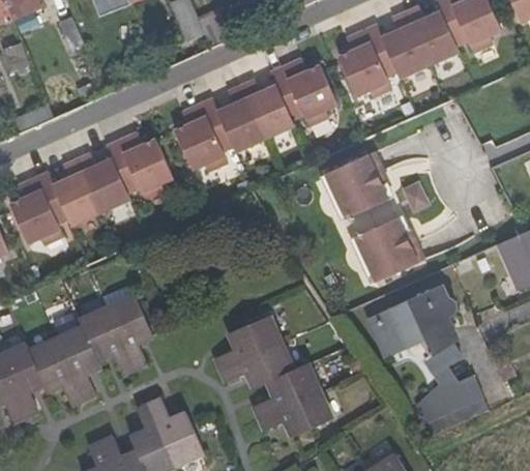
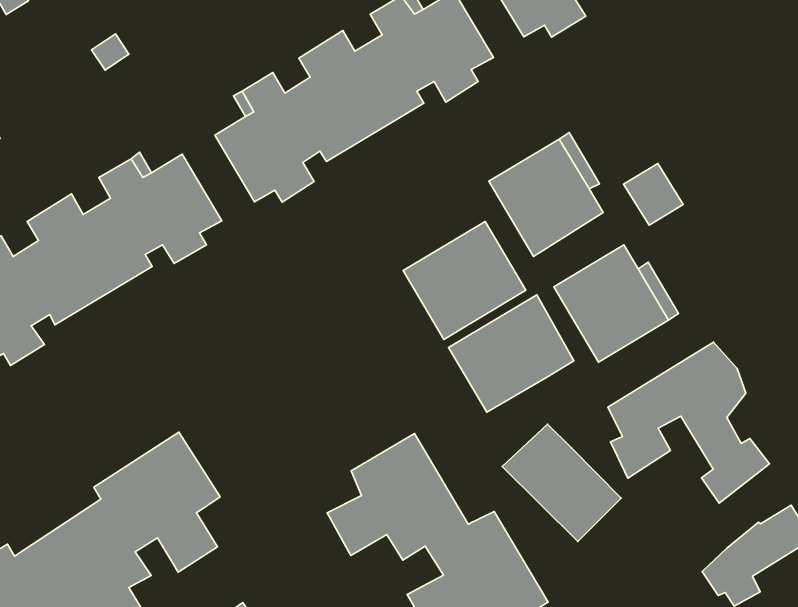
building: none -> [403,222,526,339]
building: none -> [448,295,574,412]
building: none -> [502,424,621,542]

